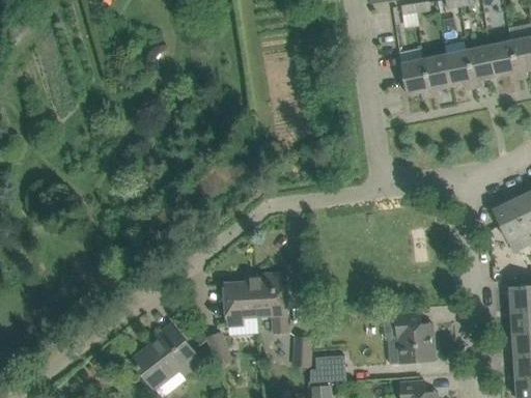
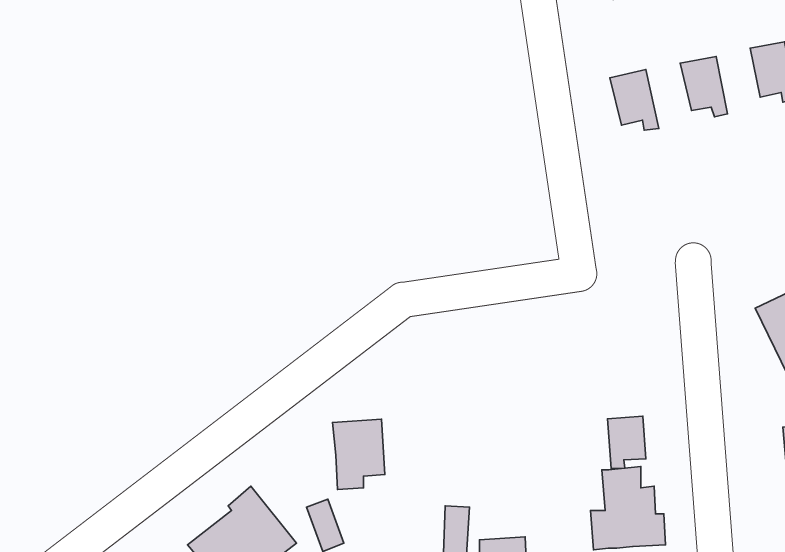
building: [468,46,496,87] -> none
building: [423,55,452,96] -> none
building: [254,273,289,333] -> none
building: none -> [608,416,646,468]

